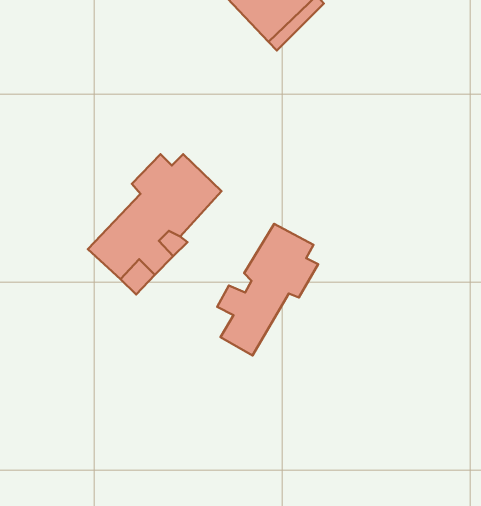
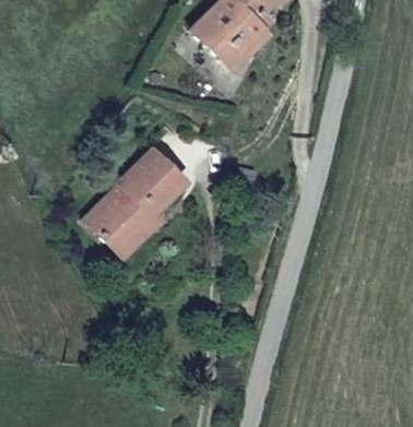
building: [217,224,318,355] -> none

